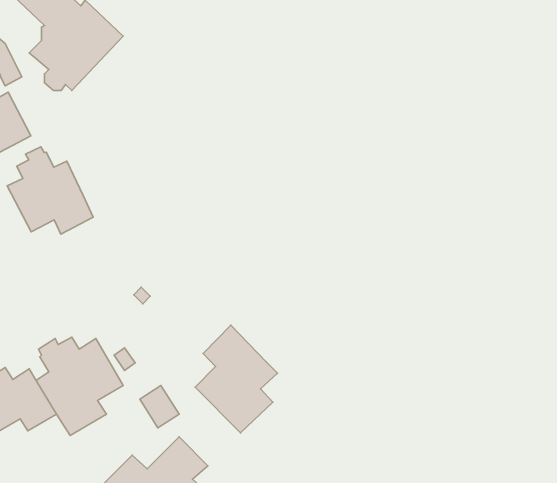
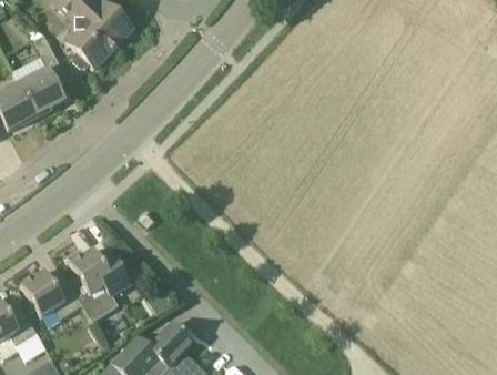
building: [7,147,93,234] -> none
building: [195,325,278,433] -> none

